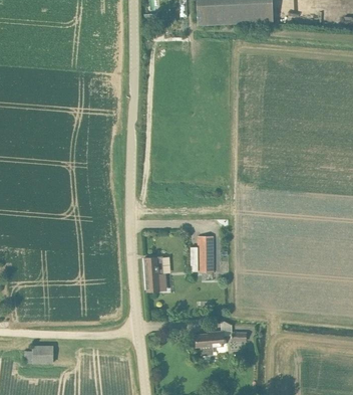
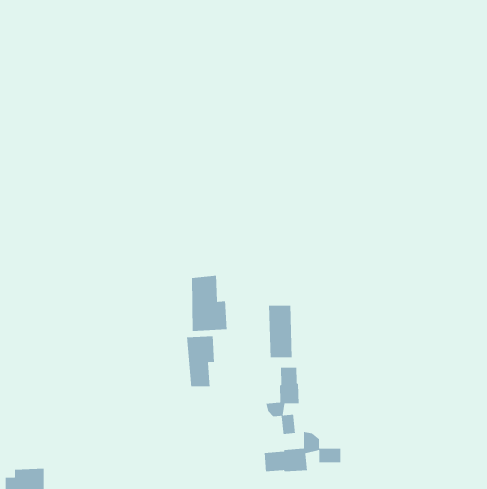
building: none -> [191,275,227,332]
building: none -> [265,367,299,435]

